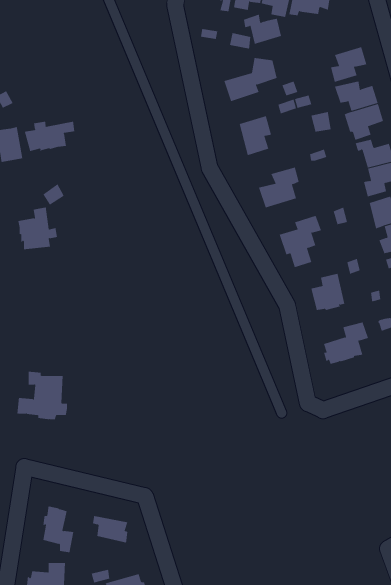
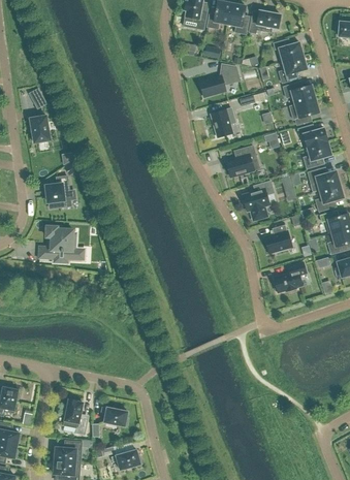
building: [243,14,282,44] -> [274,39,303,62]
building: [24,121,75,152] -> none
building: [17,371,68,420] -> [38,226,76,262]

